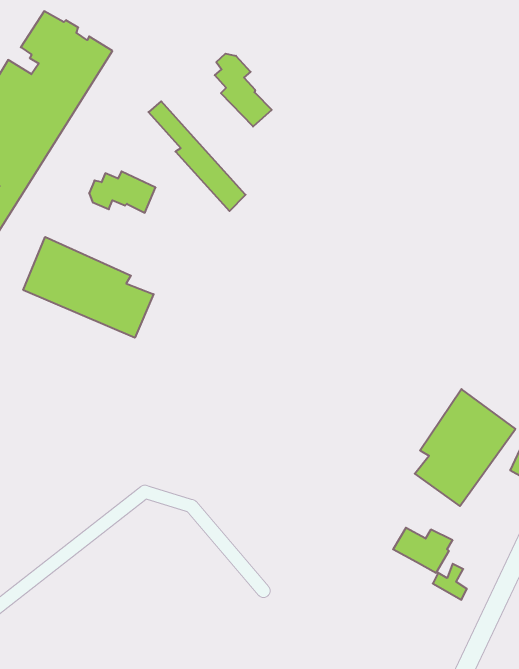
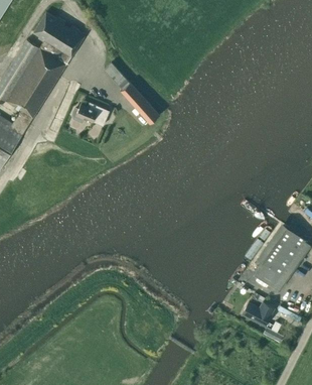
building: [215,54,272,127] -> none
building: [23,237,154,338] -> none

